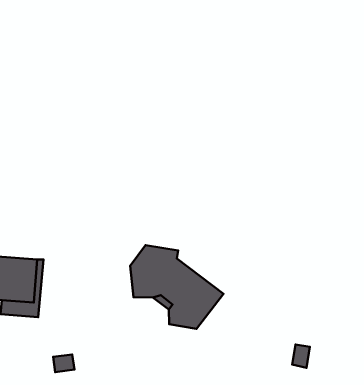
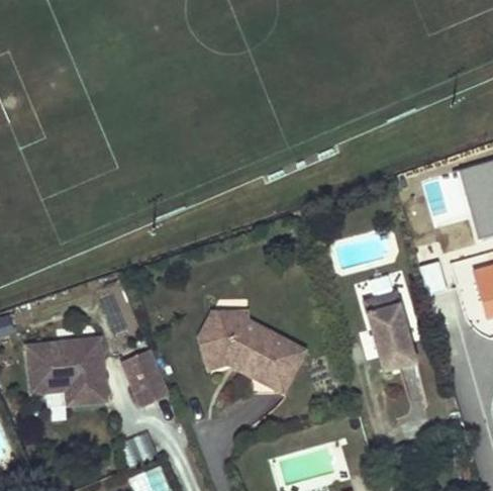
building: none -> [365,292,416,371]
building: none -> [122,350,171,408]

